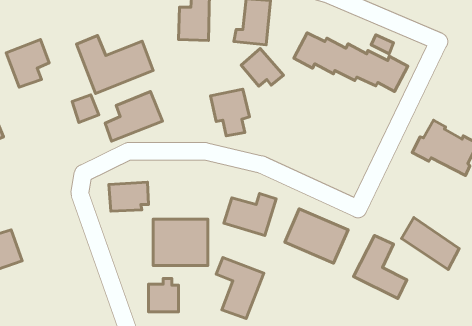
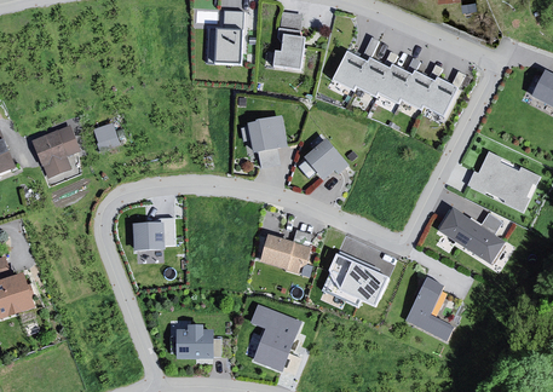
building: [76,35,153,93] -> none
building: [6,39,49,87] -> [34,126,81,178]
building: [241,49,283,86] -> [309,142,355,183]
building: [105,92,162,141] -> none
building: [402,217,459,269] -> [439,207,502,264]
building: [153,219,208,265] -> none

